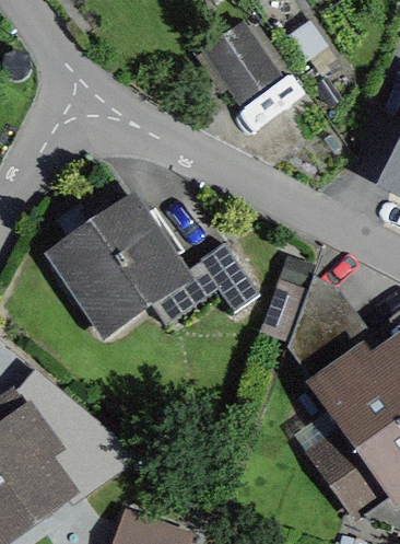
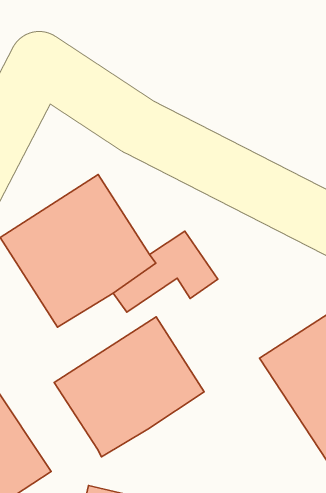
building: [208,14,301,108] -> none
building: none -> [54,317,204,457]

